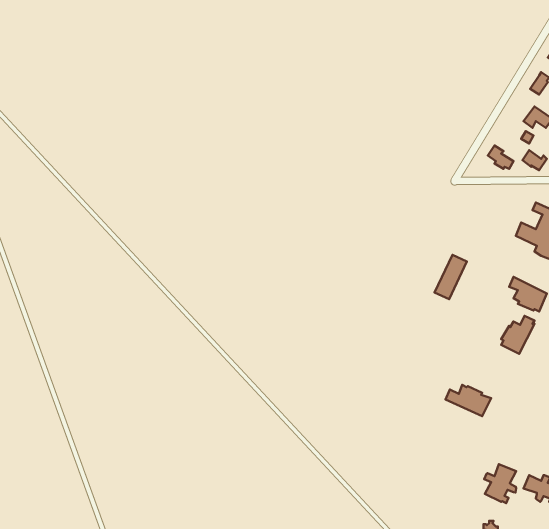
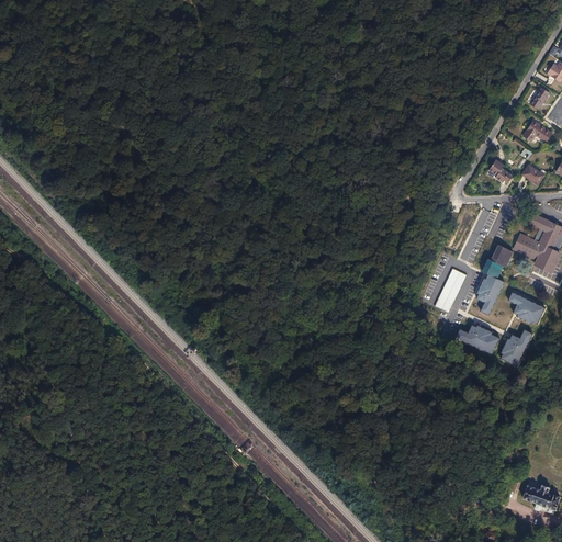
building: none -> [476,246,513,314]
building: [445,385,491,416] -> [456,324,501,354]
building: [484,464,516,503] -> none

